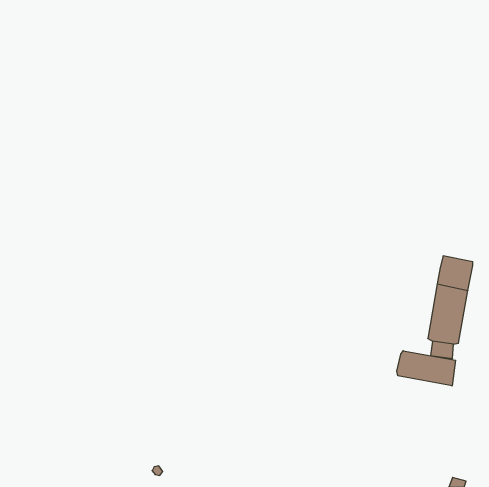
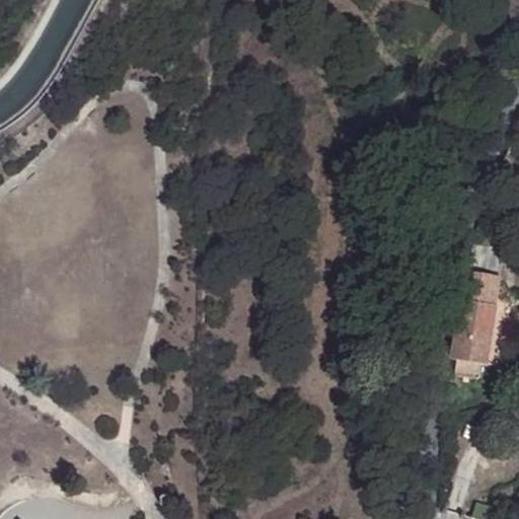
building: [397,351,456,386] -> none

